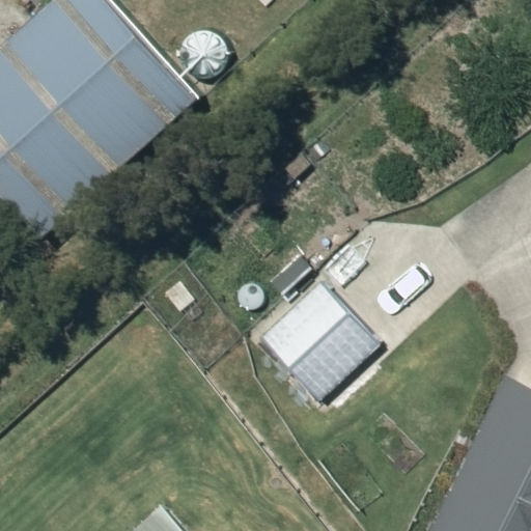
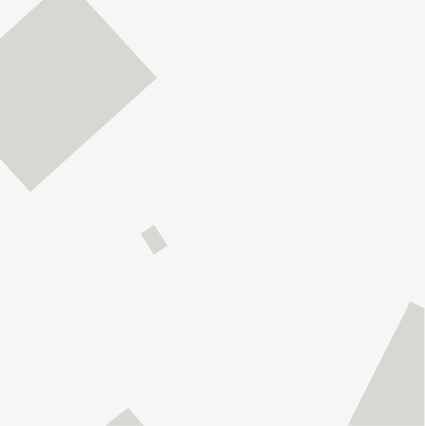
building: [261,283,380,400] -> none

